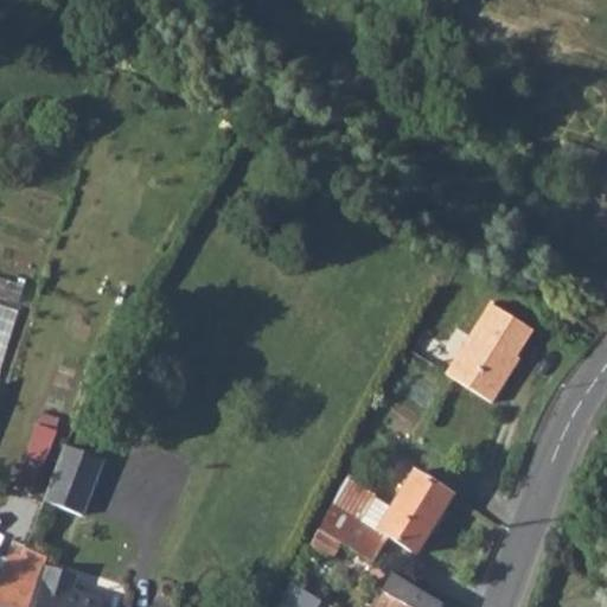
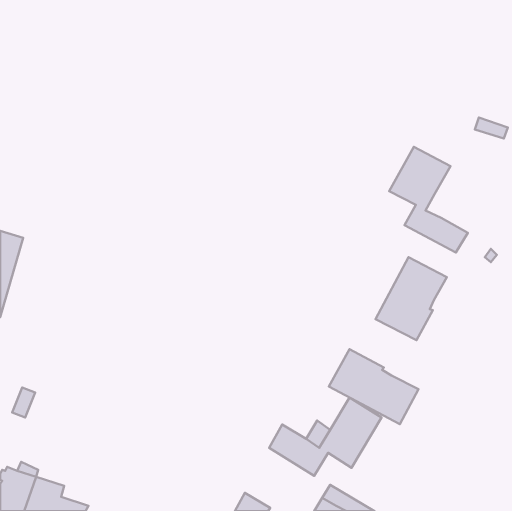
building: none -> [389,147,468,253]
building: none -> [329,349,419,424]
building: [44,443,104,515] -> none

